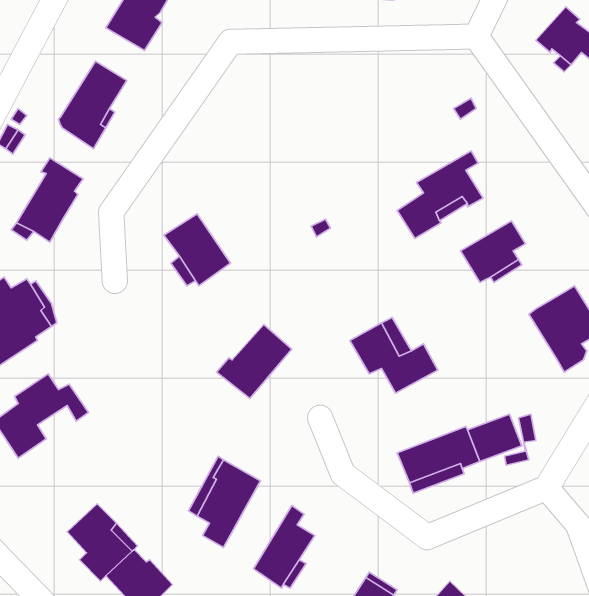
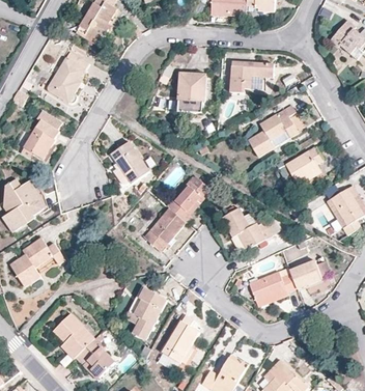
building: none -> [230,61,274,92]
building: none -> [178,73,203,113]
building: none -> [167,176,209,222]

